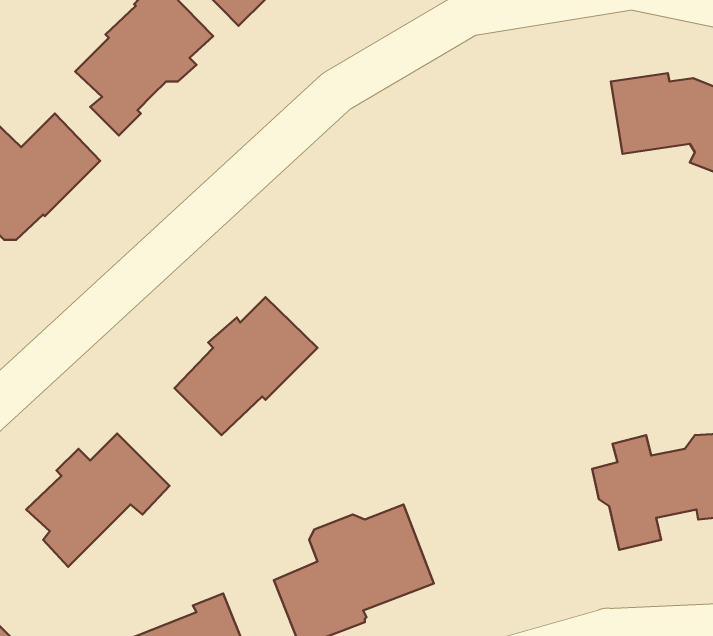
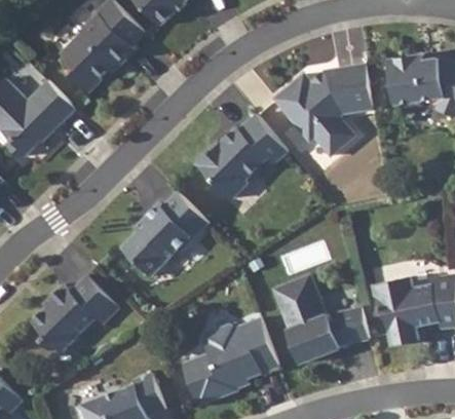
building: none -> [274,64,373,156]
building: none -> [192,113,278,197]
building: none -> [274,275,369,363]

